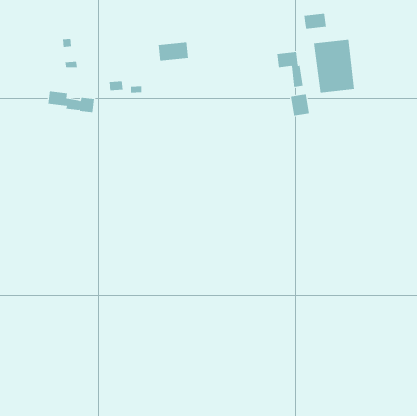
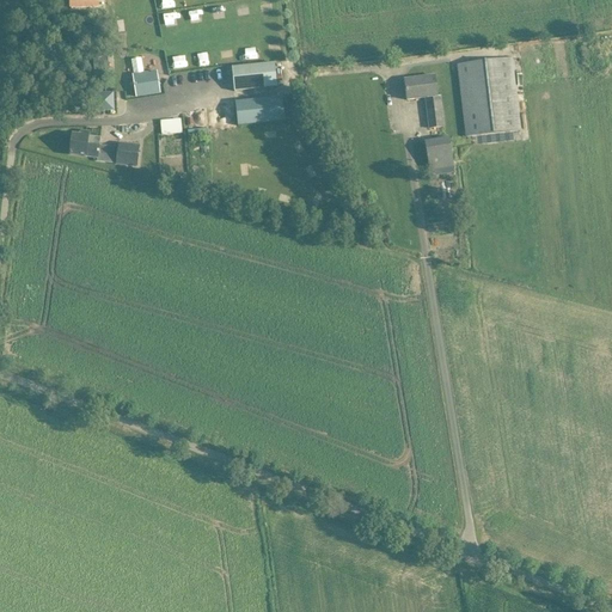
building: [304,13,326,30] -> none
building: none -> [131,69,159,94]
building: none -> [234,93,284,122]

